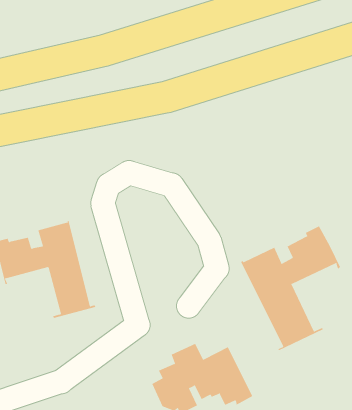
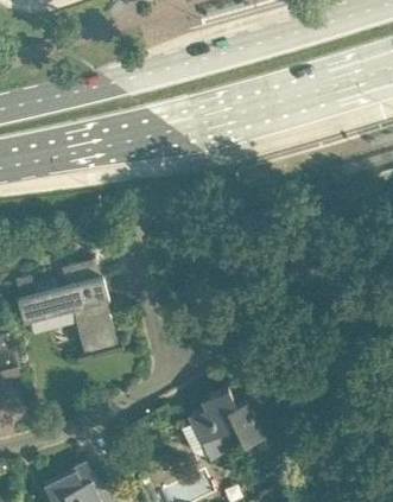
building: [240,225,341,351] -> none

